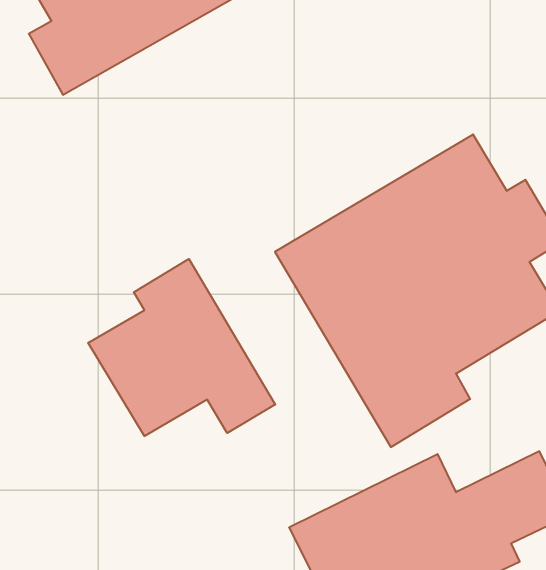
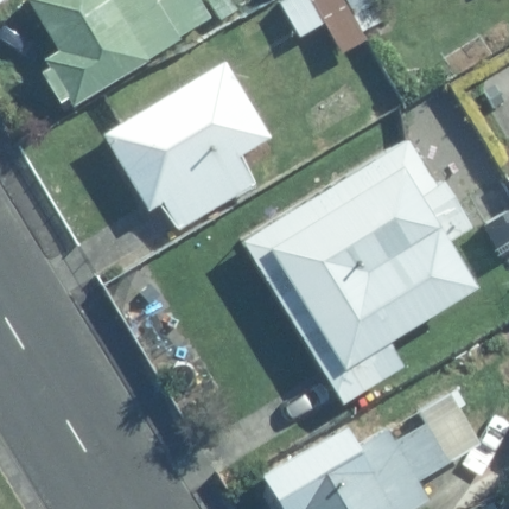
building: none -> [101,58,274,235]
building: [88,259,275,436] -> none

